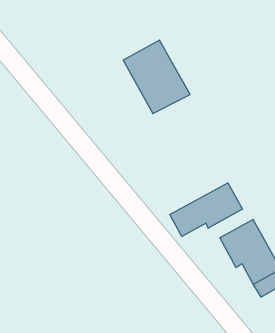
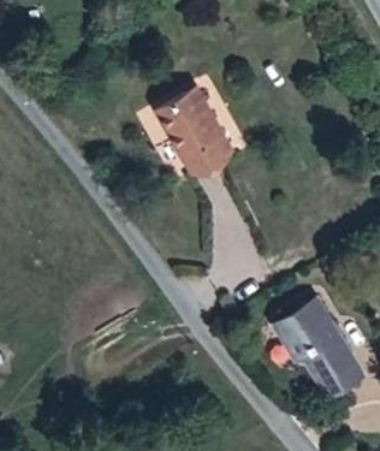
building: [170,183,243,237] -> none

